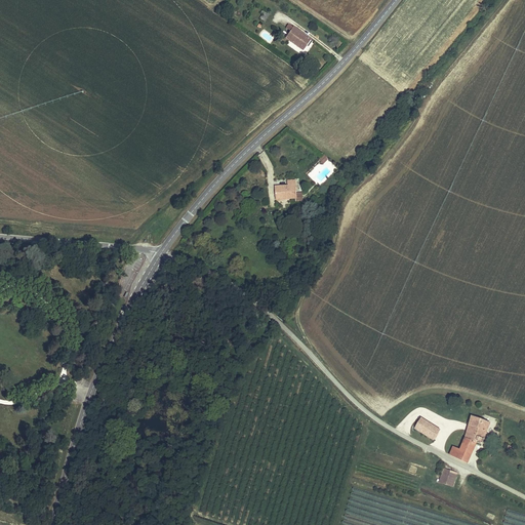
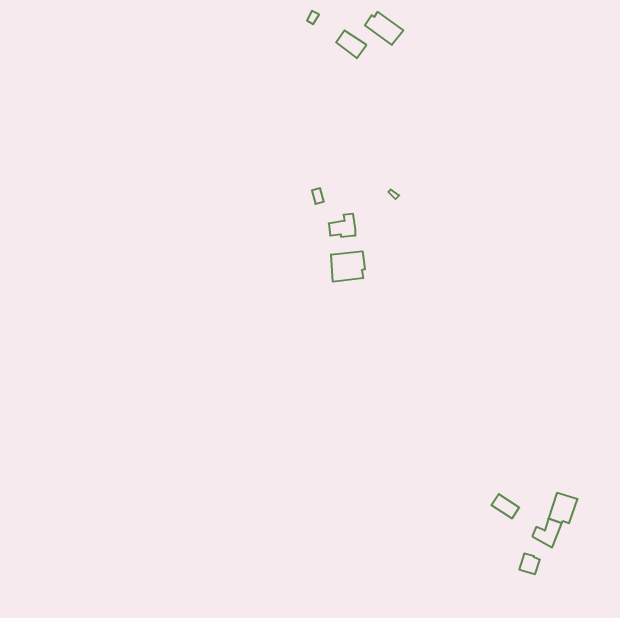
building: none -> [365,12,403,45]
building: none -> [331,251,365,282]

